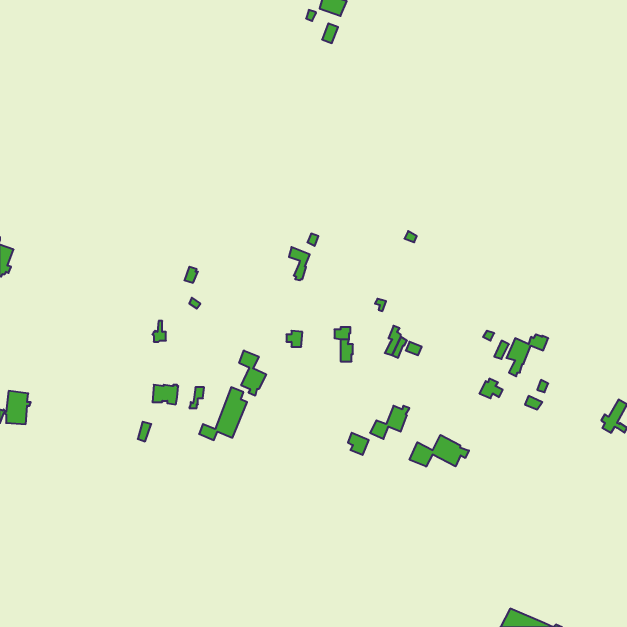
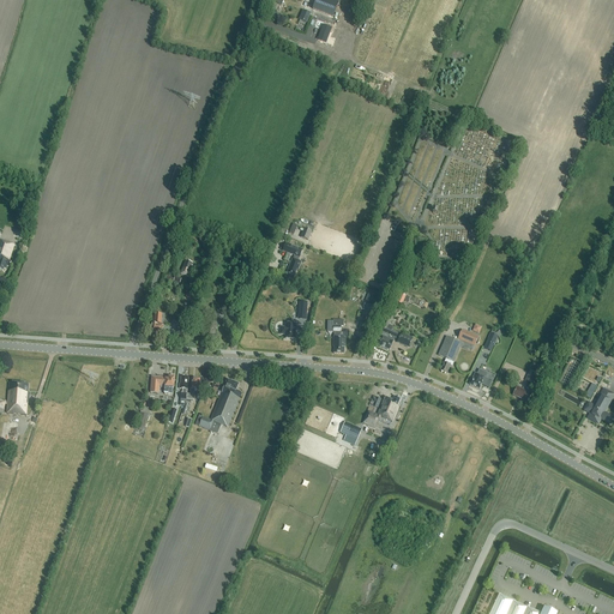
building: [506,334,548,376] -> [437,332,477,373]
building: [239,350,266,396] -> none
building: [410,435,469,467] -> none

